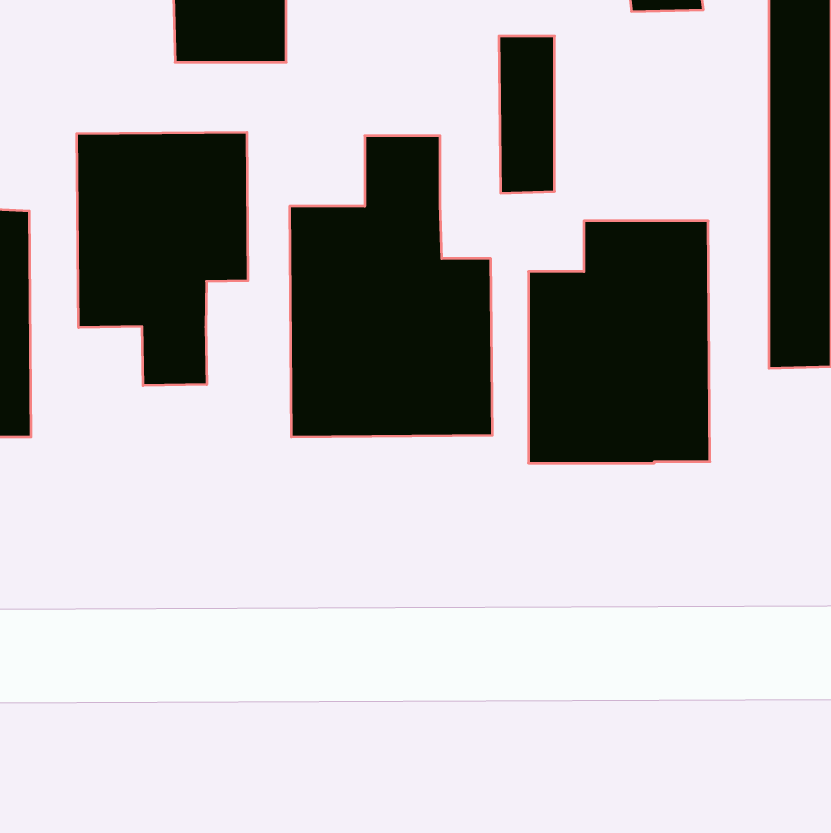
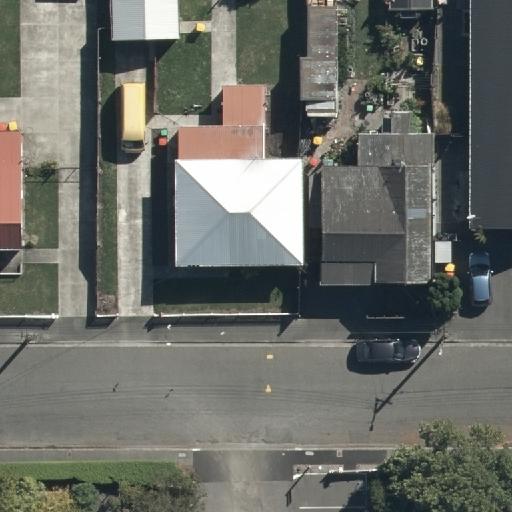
building: [77,132,248,386] -> none

